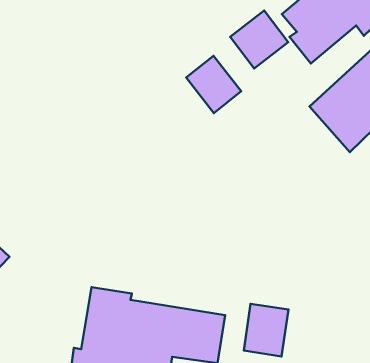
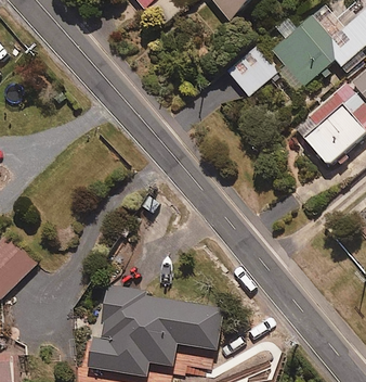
building: [186,56,241,113] -> none
building: [244,304,288,356] -> none

